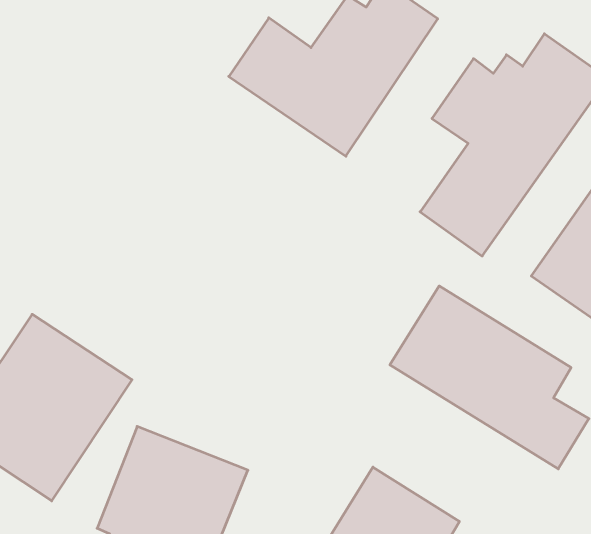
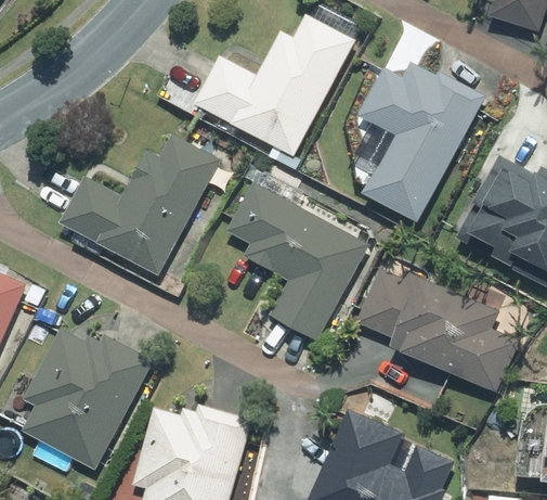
building: none -> [61,136,218,277]
building: none -> [231,183,369,339]

